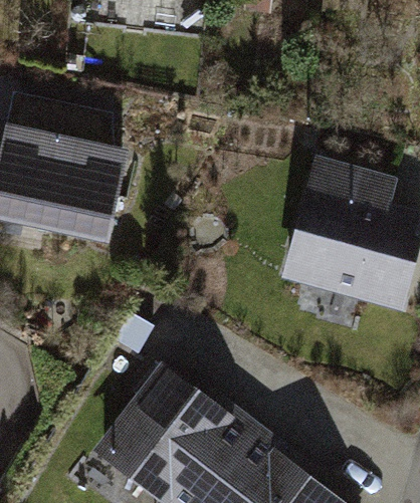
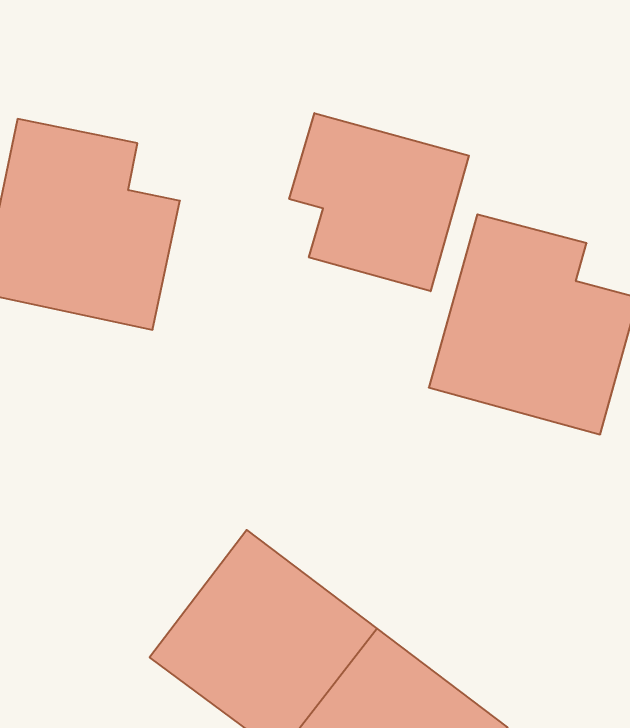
building: none -> [289,113,469,291]

